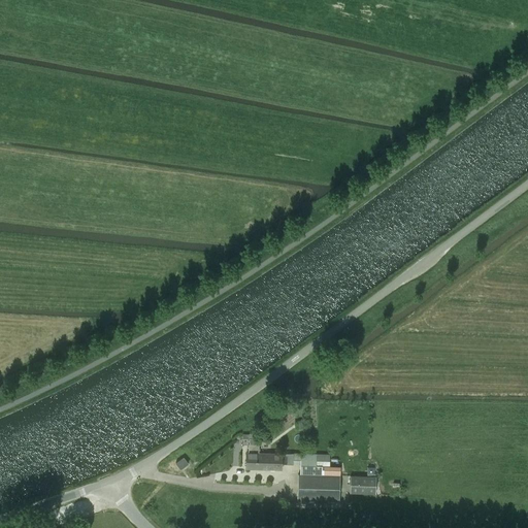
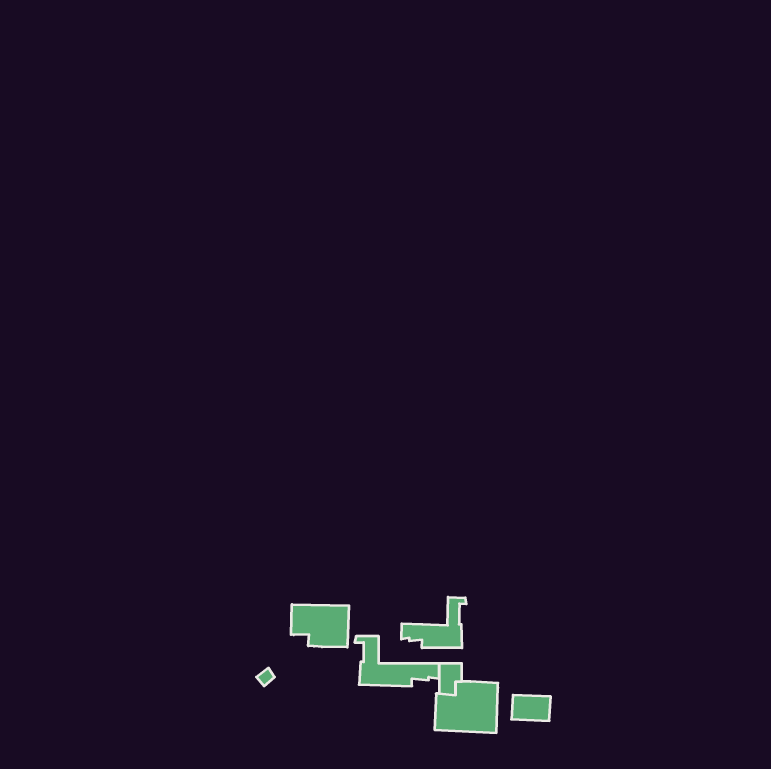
building: none -> [401,597,466,648]
building: none -> [291,604,349,647]

